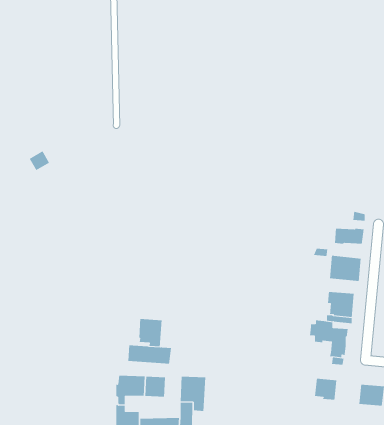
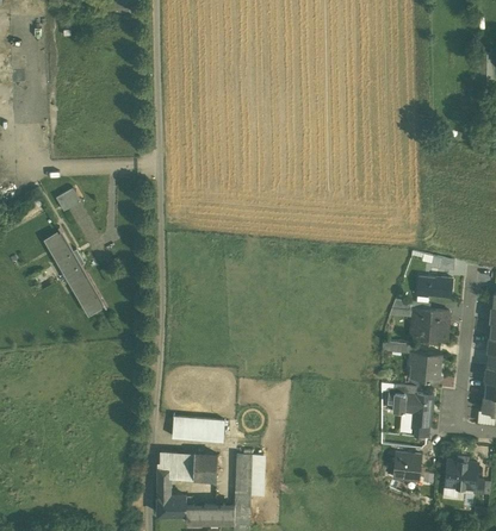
building: none -> [48,231,105,312]
building: [139,318,162,347] -> none

